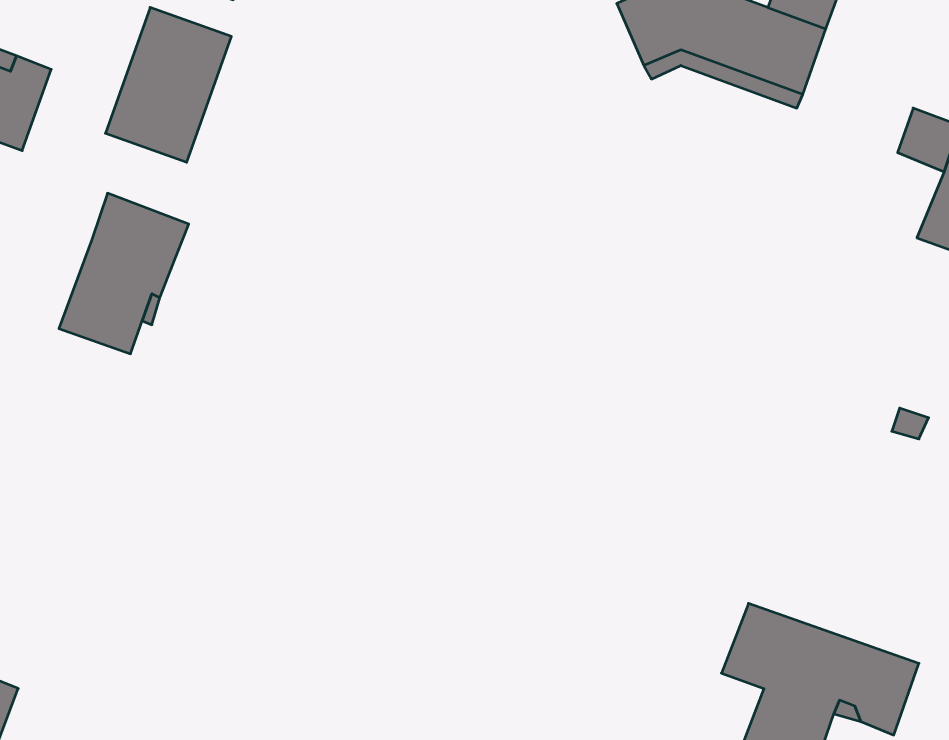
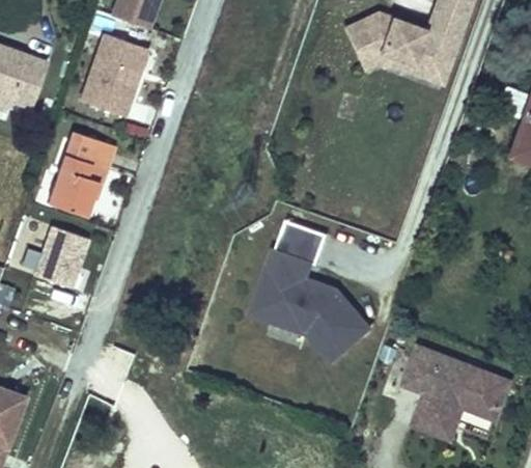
building: none -> [252,217,368,359]
building: none -> [33,223,91,287]

